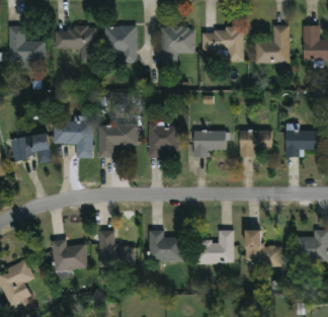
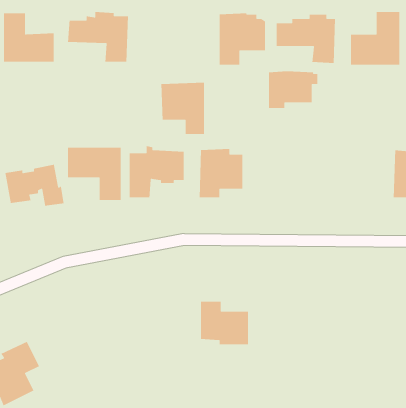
building: [105,26,137,64] -> [160,82,205,135]
building: [194,131,230,158] -> [268,70,318,109]
building: [240,131,271,157] -> none
building: [246,229,281,265] -> none
building: [99,230,136,266] -> none
building: [195,231,234,265] -> none
building: [52,239,88,279] -> none

